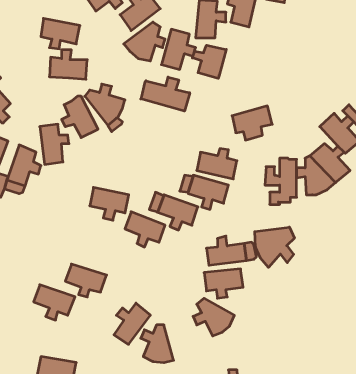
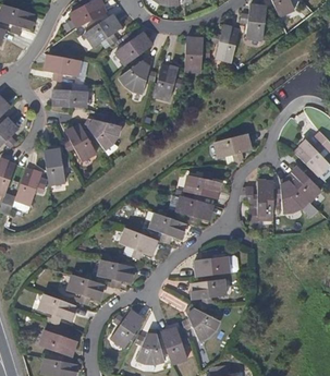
building: [192,45,226,78] -> none
building: [141,77,190,111] -> none
building: [90,187,129,220] -> [98,259,133,289]
building: [255,227,294,267] -> none
building: none -> [39,327,76,355]
building: none -> [160,327,188,364]

